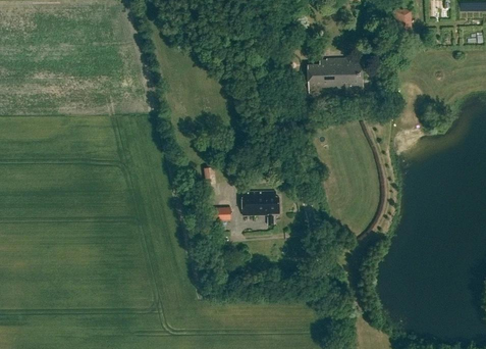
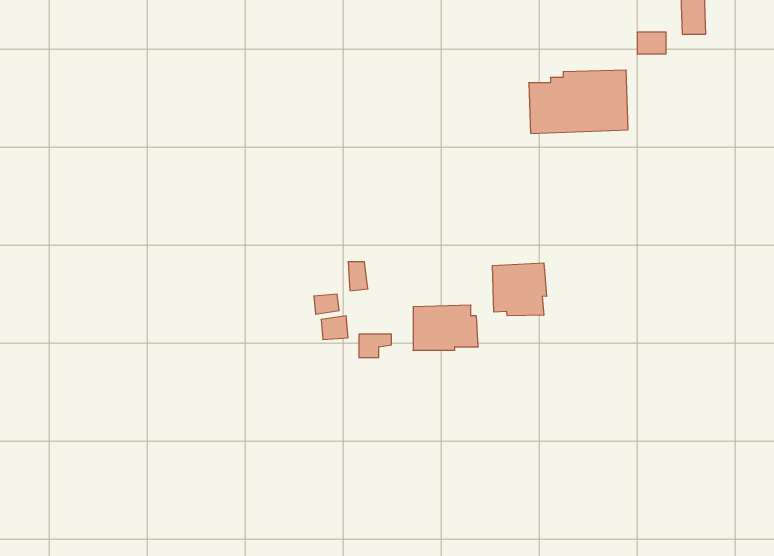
building: none -> [492,263,547,316]

